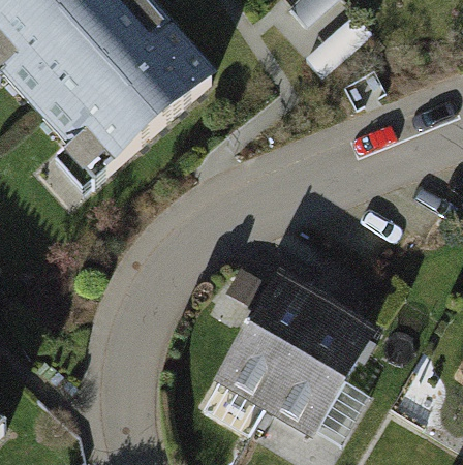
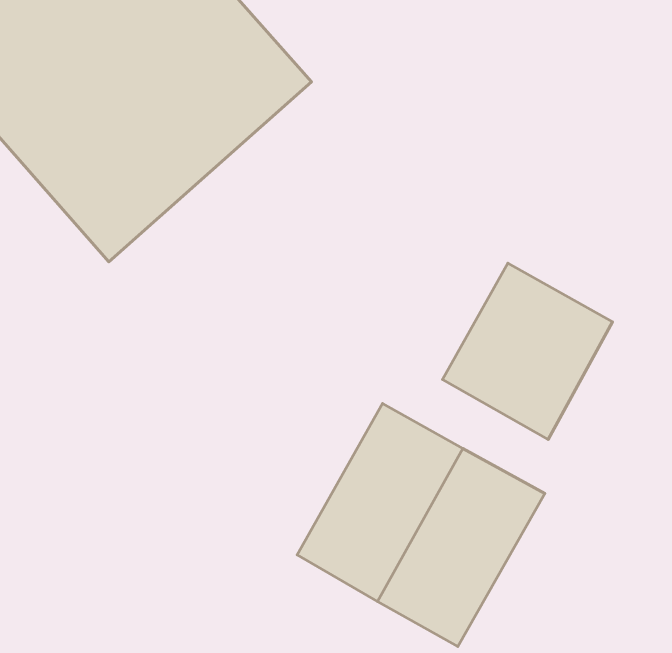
building: none -> [442,263,612,439]

